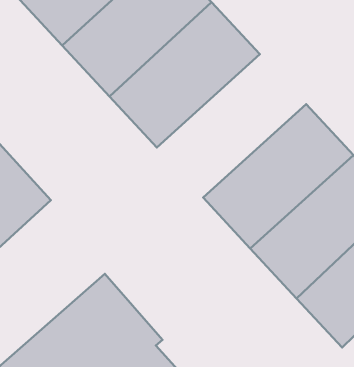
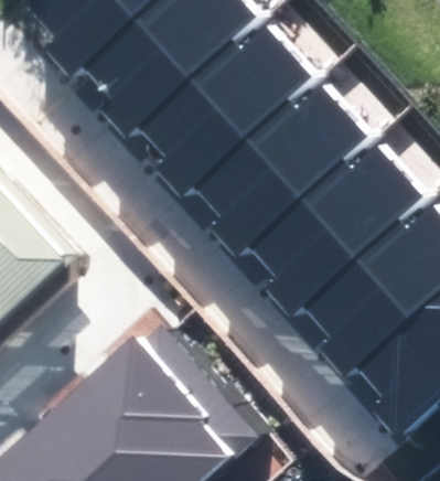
building: none -> [195,81,369,248]

